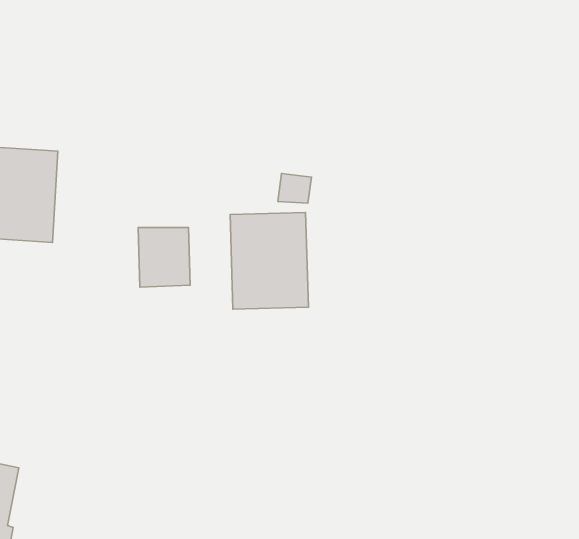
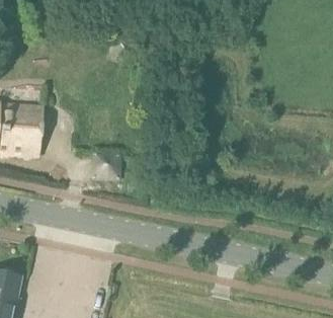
building: [230,213,308,309] -> none

